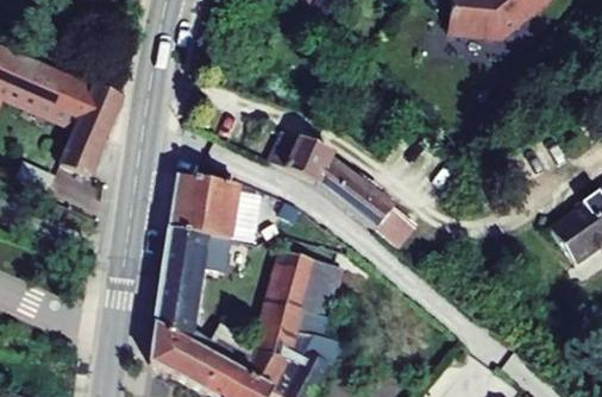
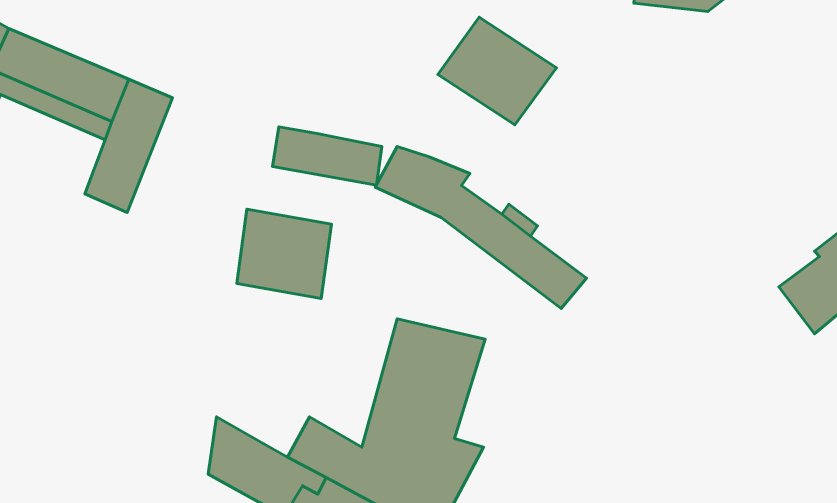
building: none -> [438,17,557,125]
building: none -> [273,127,382,185]
building: [156,227,230,340] -> none

